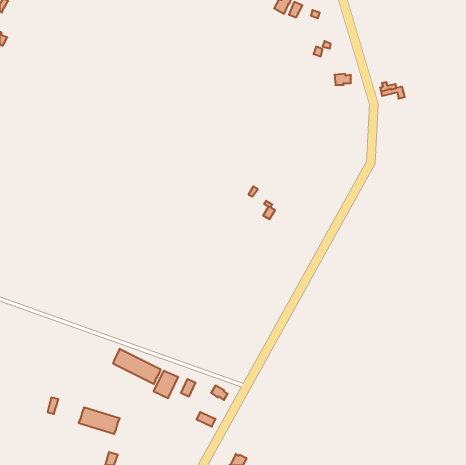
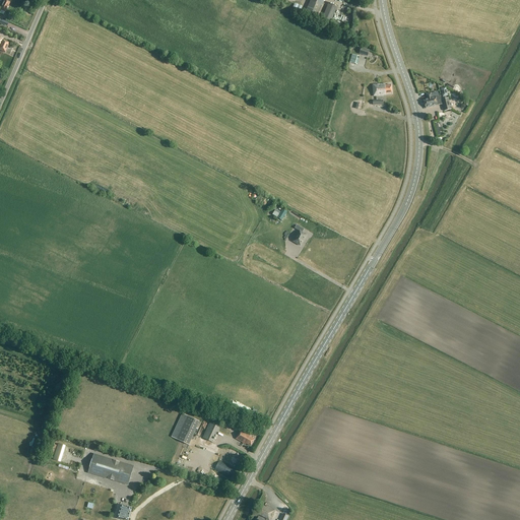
building: [113,349,160,384] -> none

